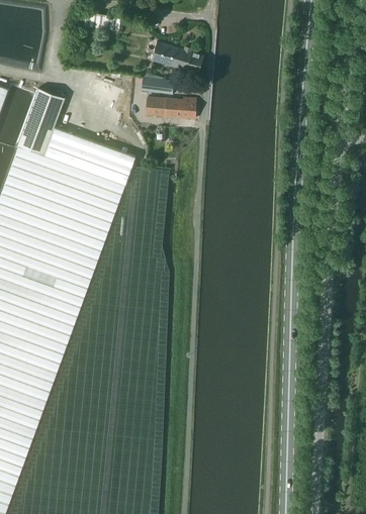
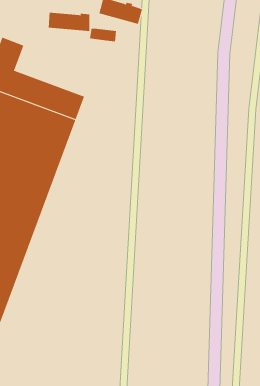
building: [146,98,195,120] -> [48,12,90,31]

